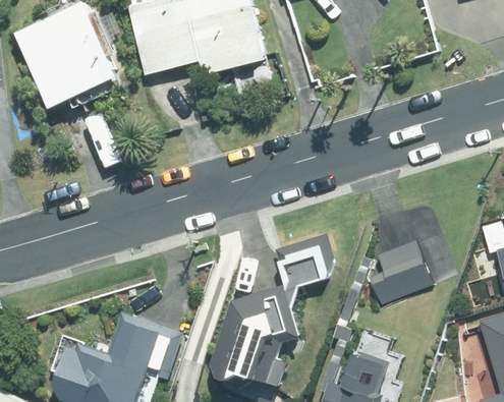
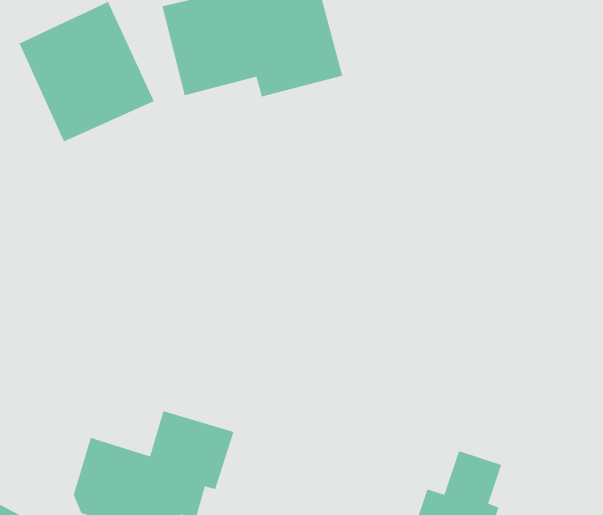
building: [212,236,333,383] -> none
building: [367,241,430,304] -> none

